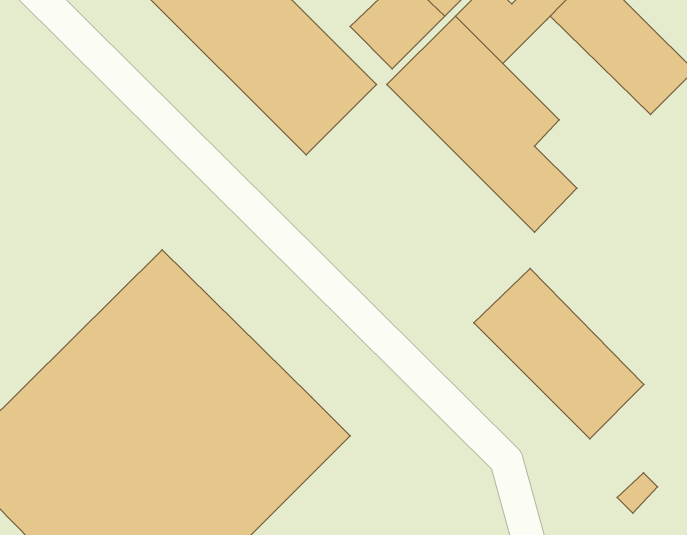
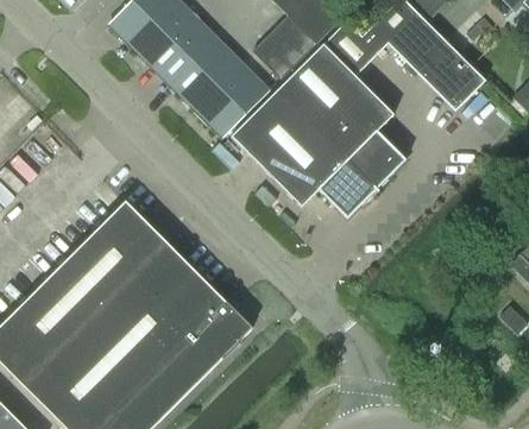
building: none -> [231,89,377,217]
building: [474,269,644,439] -> none

